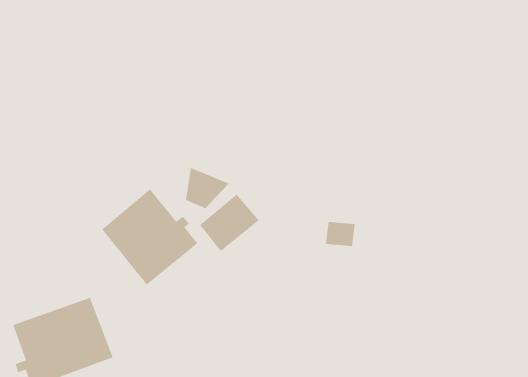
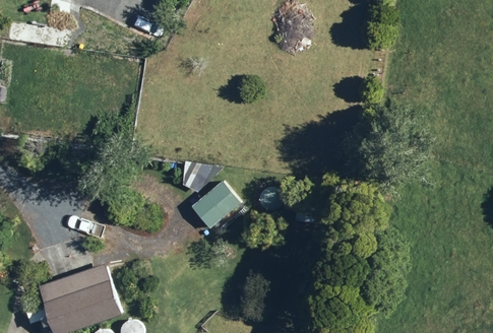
building: [101,189,198,285] -> none

